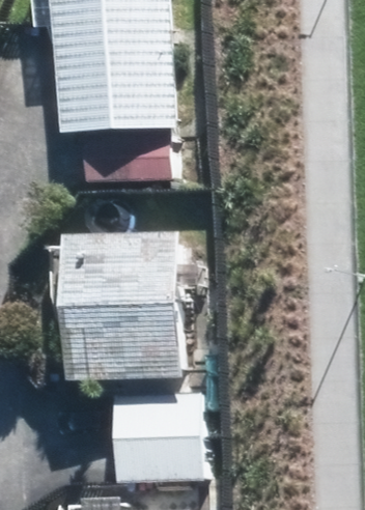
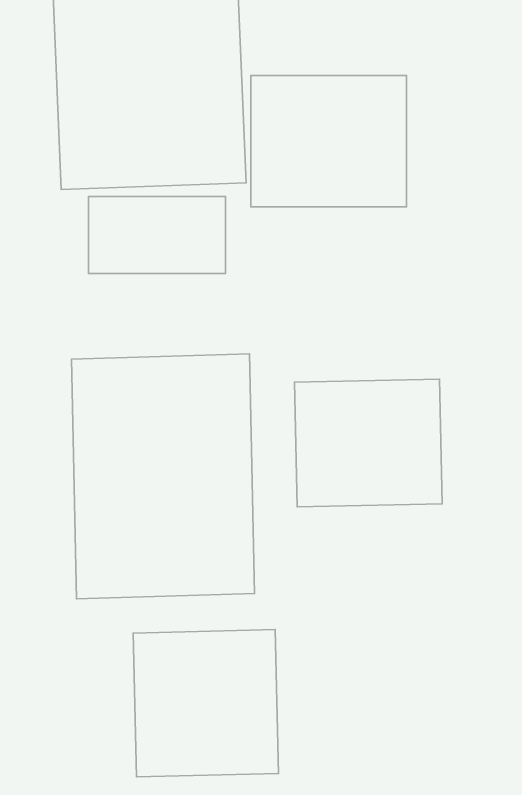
building: none -> [251,75,407,207]
building: none -> [295,379,442,507]

